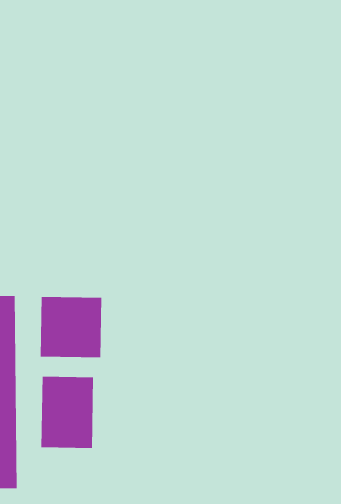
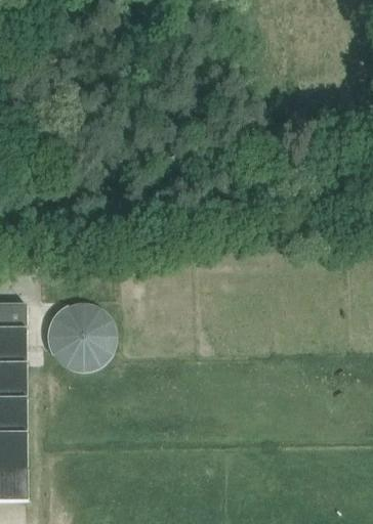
building: [41,376,94,449] -> none

